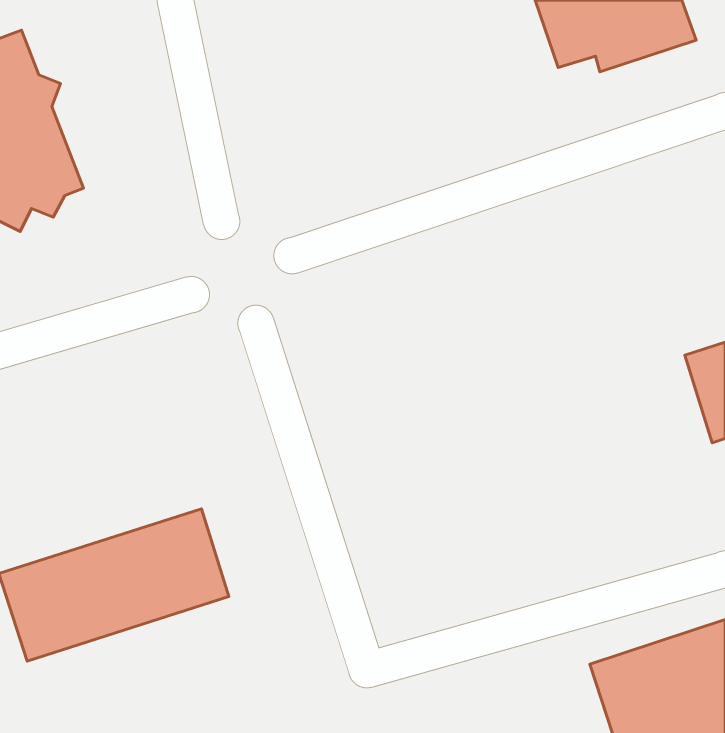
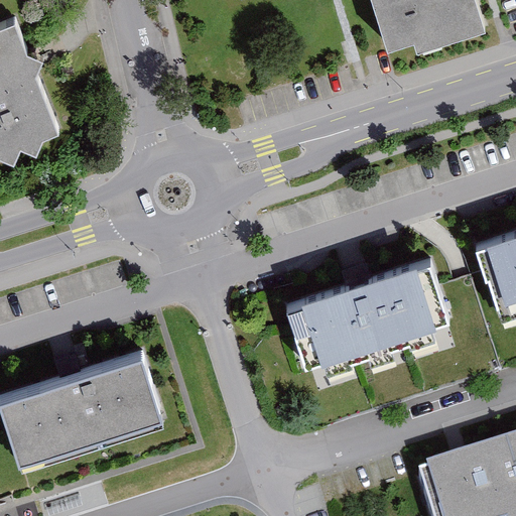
building: none -> [287,265,448,371]

